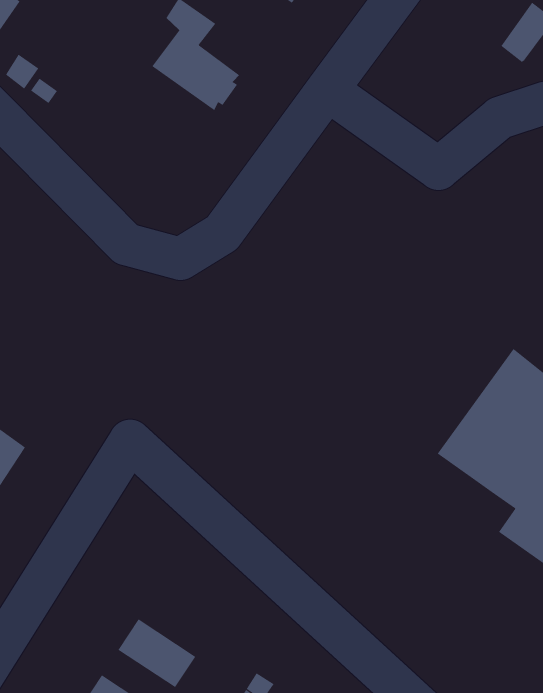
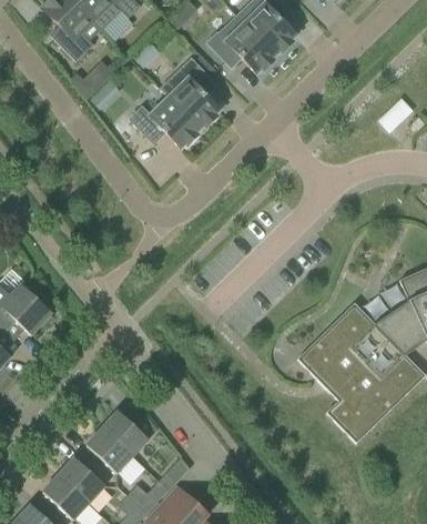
building: none -> [130,97,200,149]
building: none -> [102,411,149,456]

